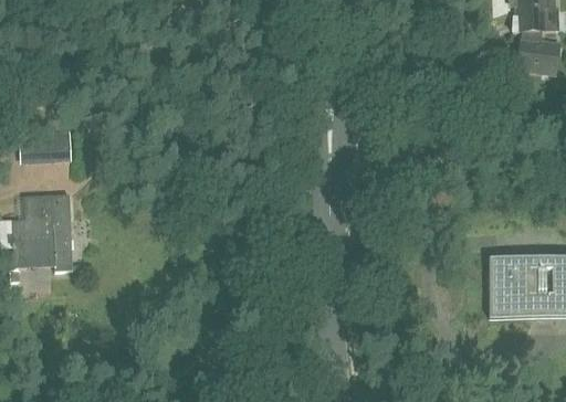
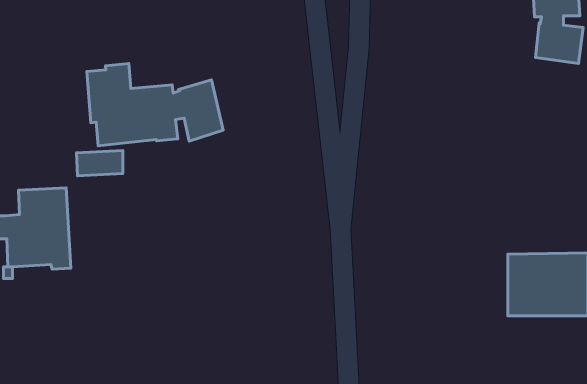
building: none -> [87,63,223,146]
building: [21,135,65,159] -> [76,150,123,176]

